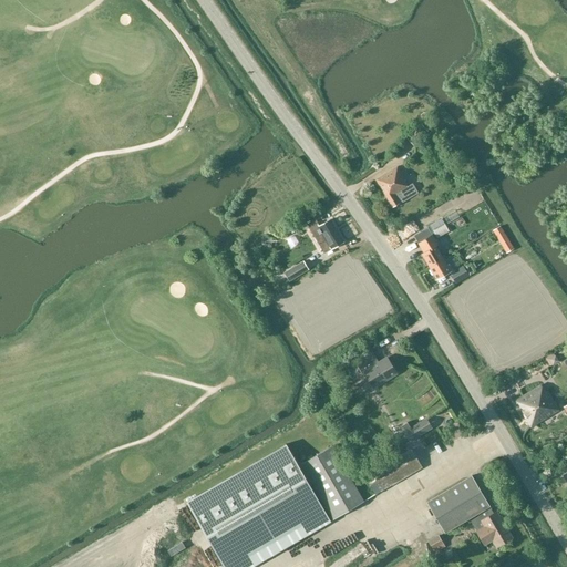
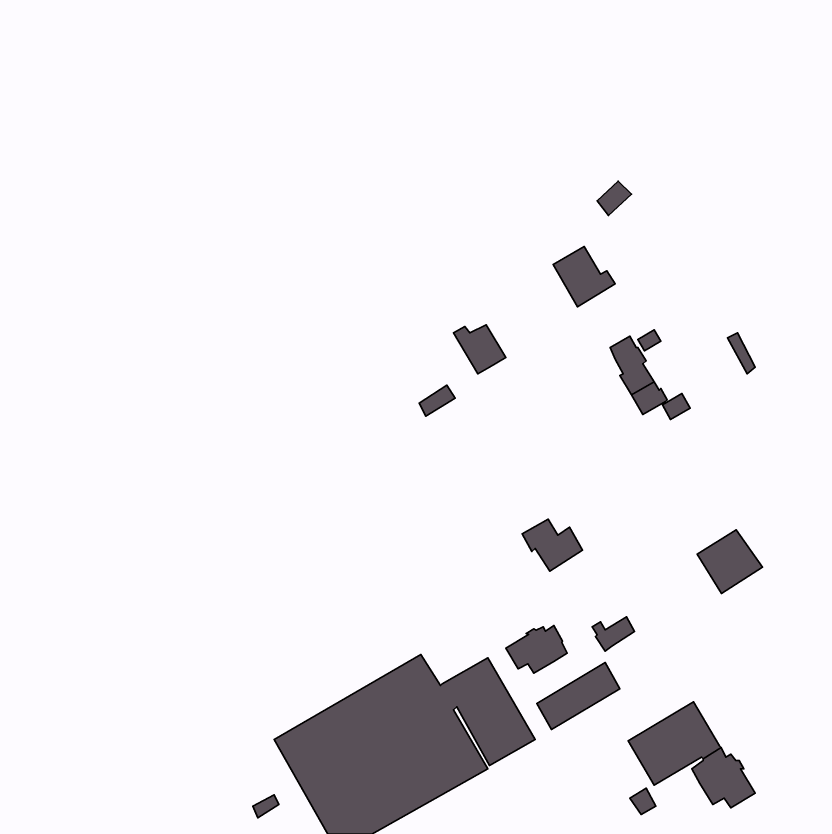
building: [515,385,559,429] -> [697,530,762,593]
building: none -> [506,625,567,673]

